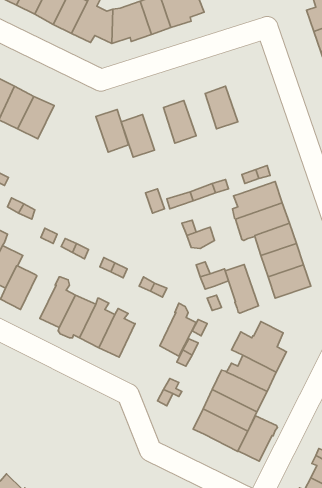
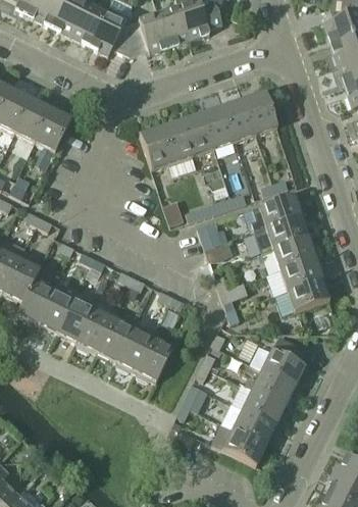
building: none -> [243,92,276,135]
building: none -> [201,106,234,149]
building: [96,109,128,152] -> [159,120,192,163]
building: [225,264,258,313] -> none
building: none -> [37,282,75,333]
building: [160,303,196,356] -> [136,328,172,382]
building: [238,416,277,461] -> none

